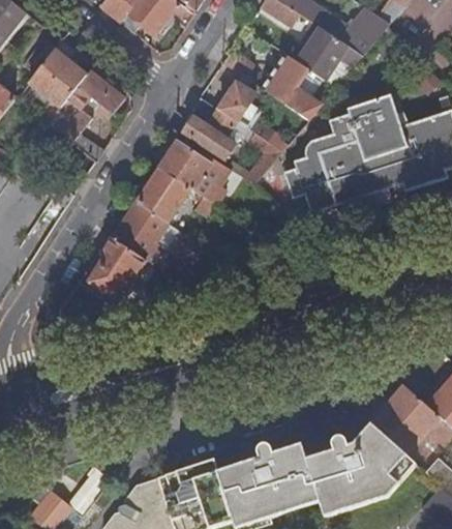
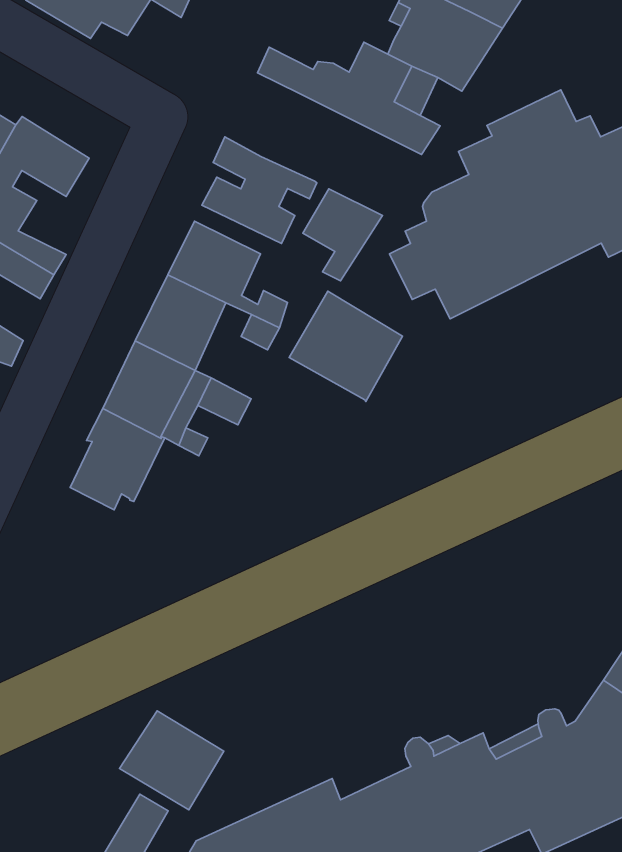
building: [219,83,258,126] -> none
building: none -> [289,291,403,402]
building: none -> [119,711,224,810]

